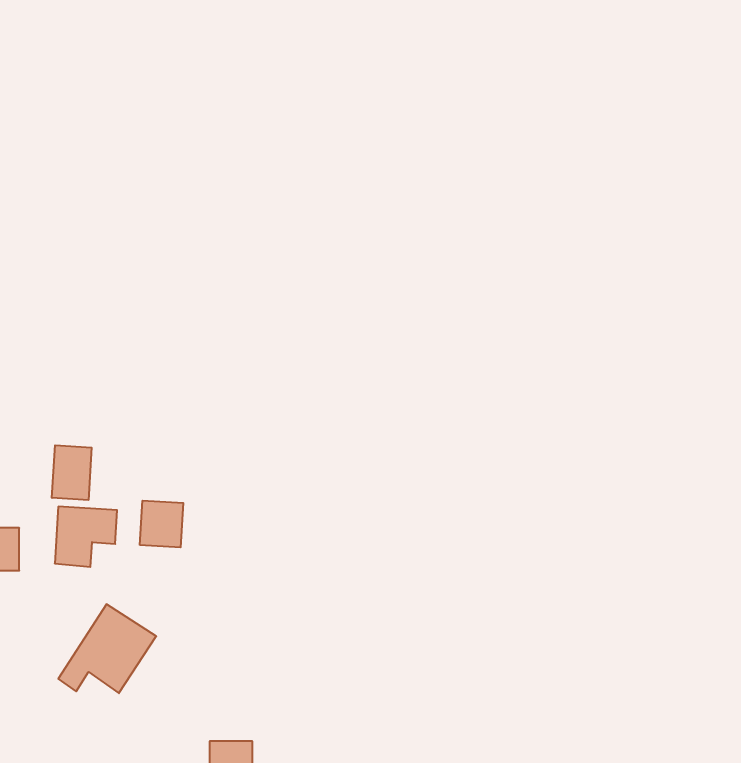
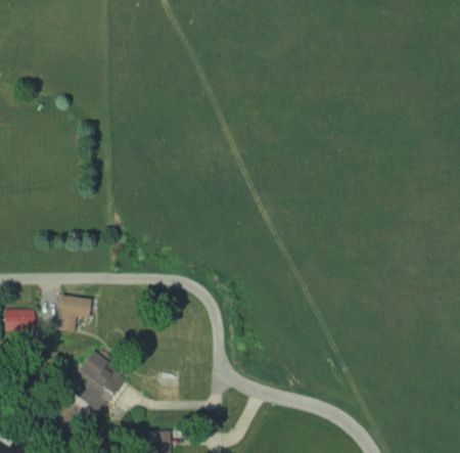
building: [52,445,92,500] -> none
building: [140,501,183,547] -> none

